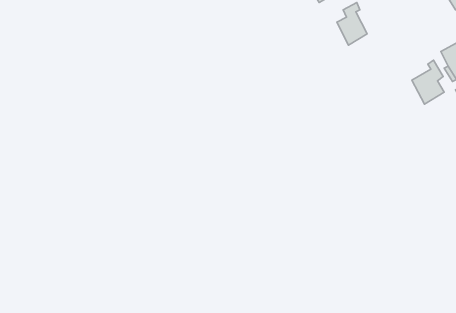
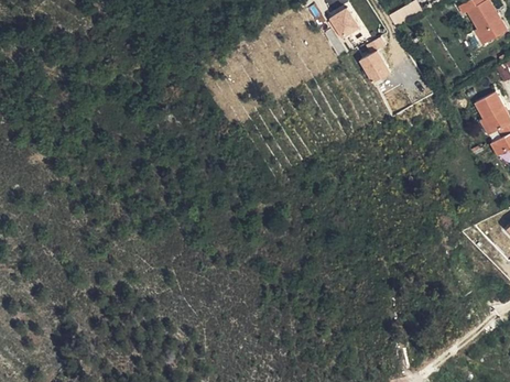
building: [412,60,444,104] -> none

